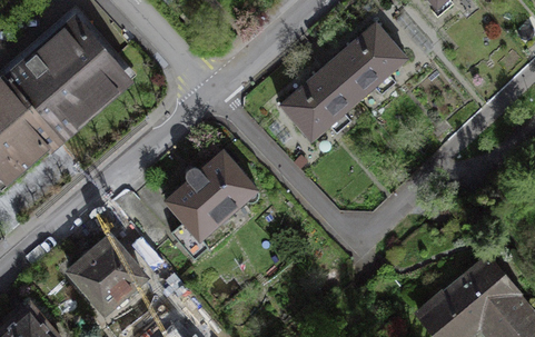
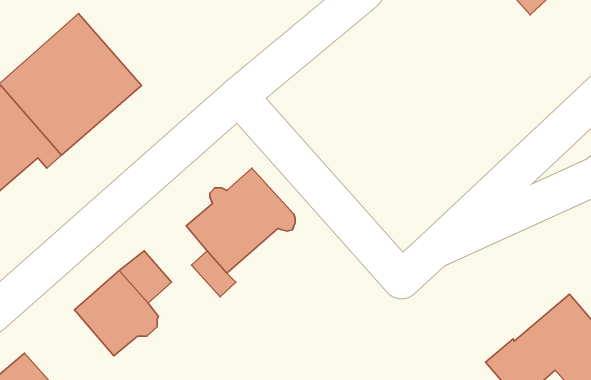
building: [291,28,420,152] -> none

